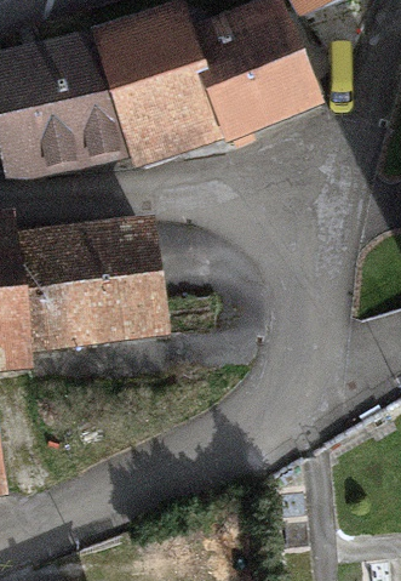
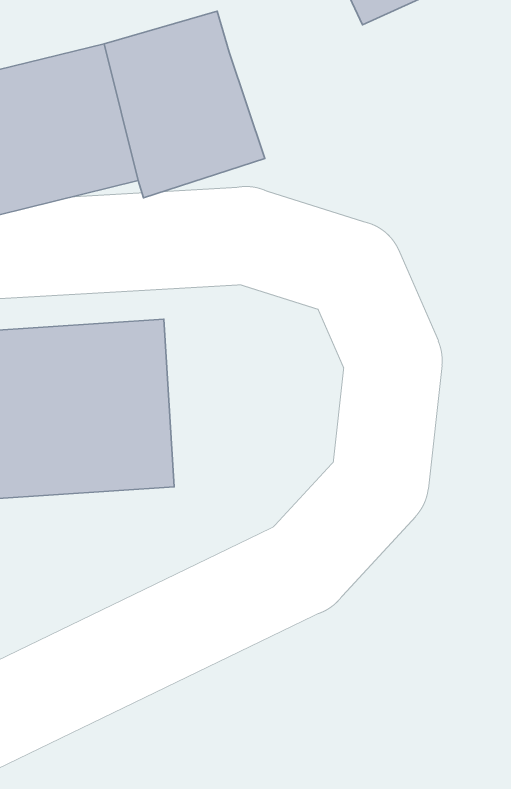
building: [195,15,309,132] -> none

